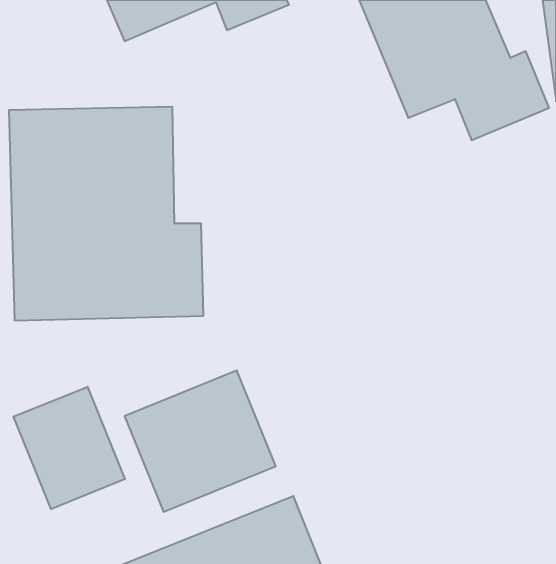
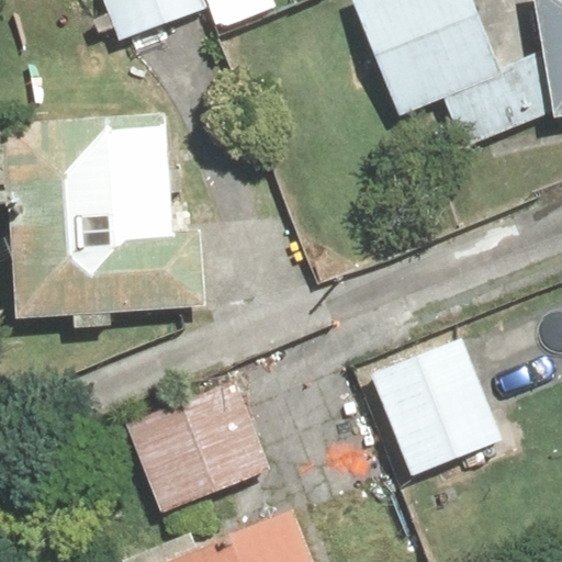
building: none -> [359,331,504,481]
building: [14,387,125,509] -> none

